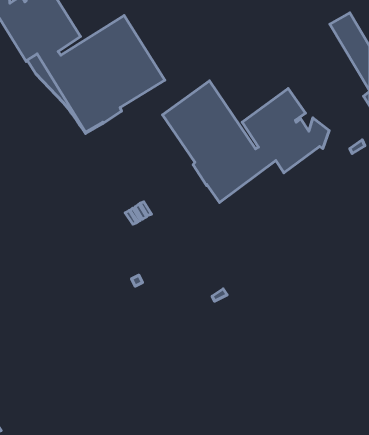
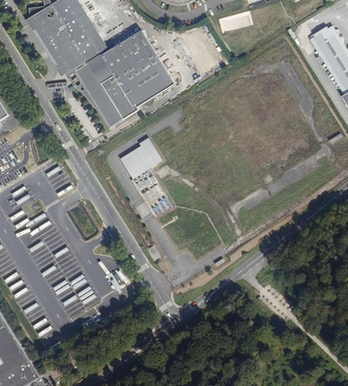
building: [162,81,329,202] -> none
building: none -> [118,138,161,179]

